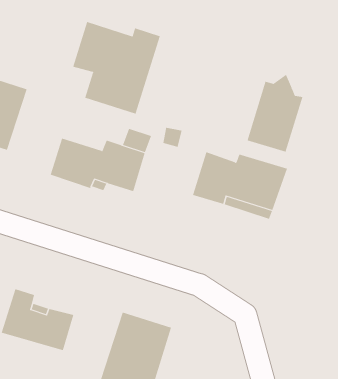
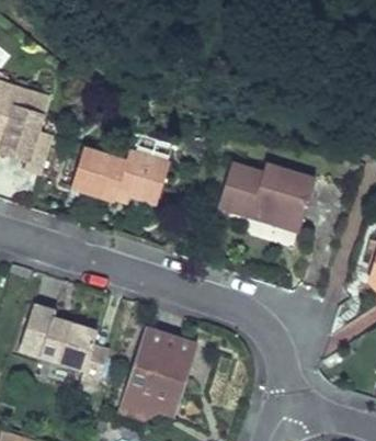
building: [72,21,160,114] -> none
building: [247,74,303,152] -> none

